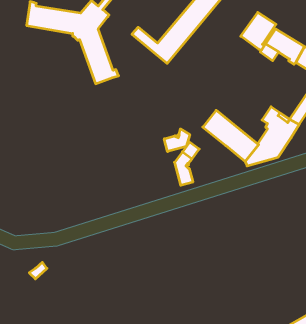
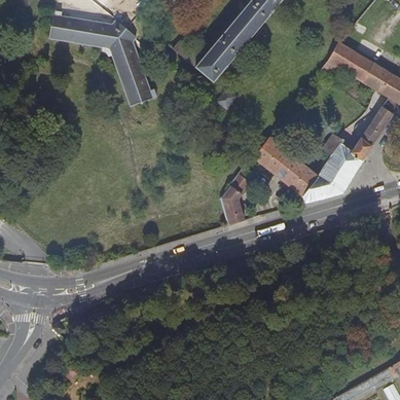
building: [241,12,276,50] -> none
building: [164,129,190,152] -> none

